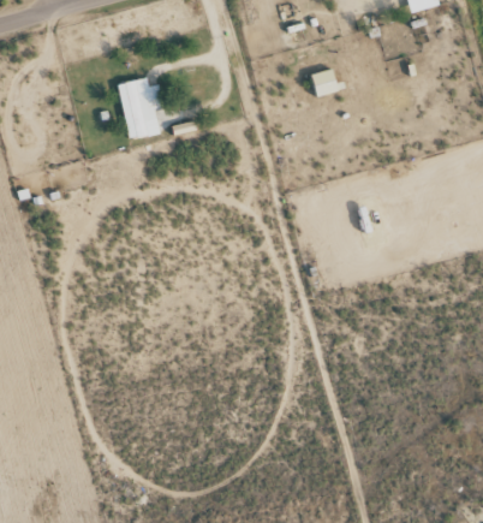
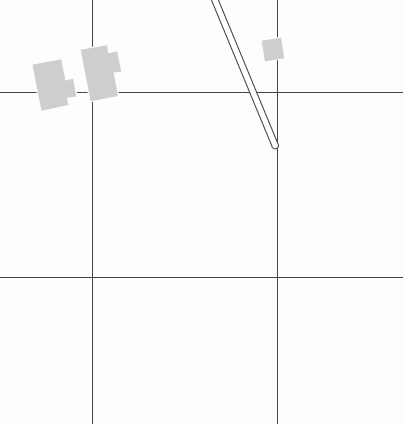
building: none -> [32,59,77,112]

